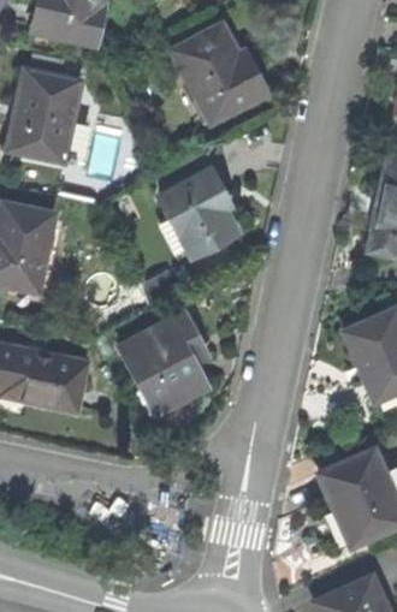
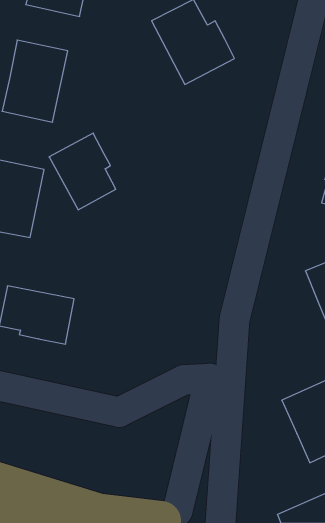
building: [162,172,237,257] -> [49,133,116,210]
building: [122,313,208,414] -> none

